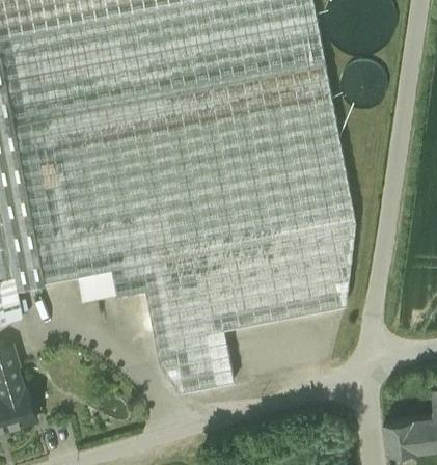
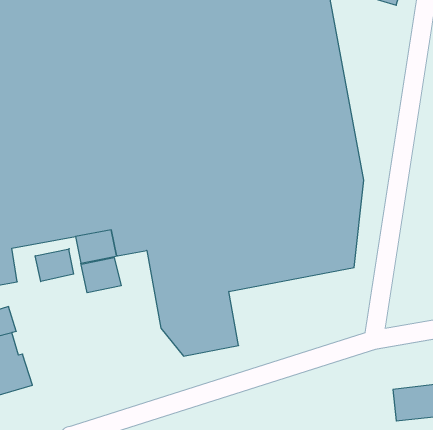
building: none -> [35,249,74,282]
building: none -> [81,257,121,293]

